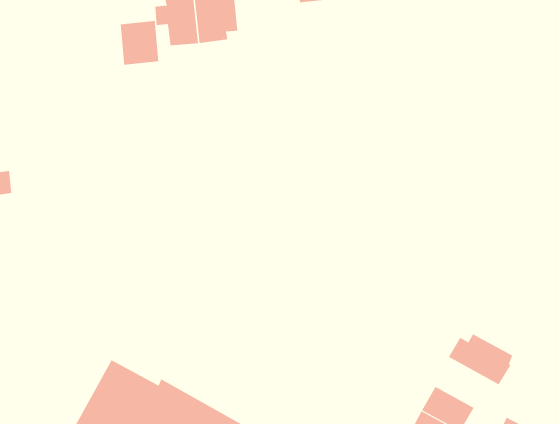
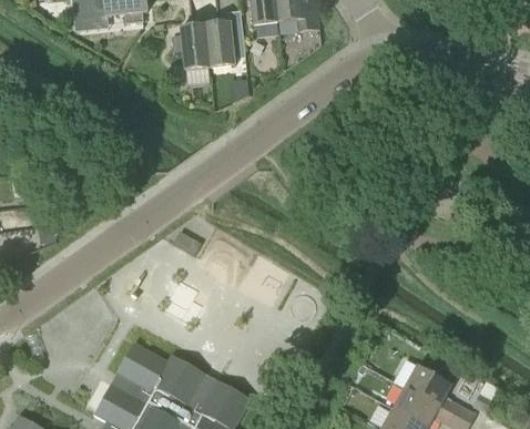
building: [120,20,159,65] -> none
building: [448,333,513,385] -> none

